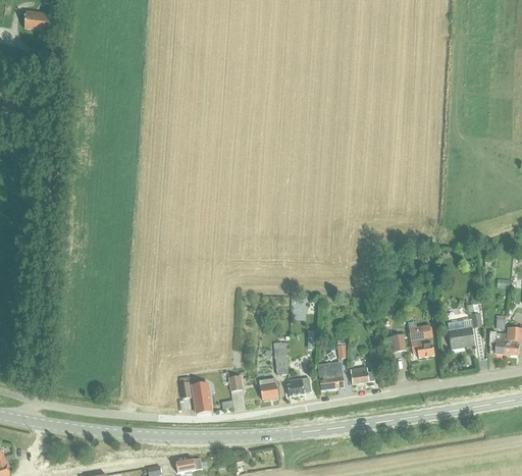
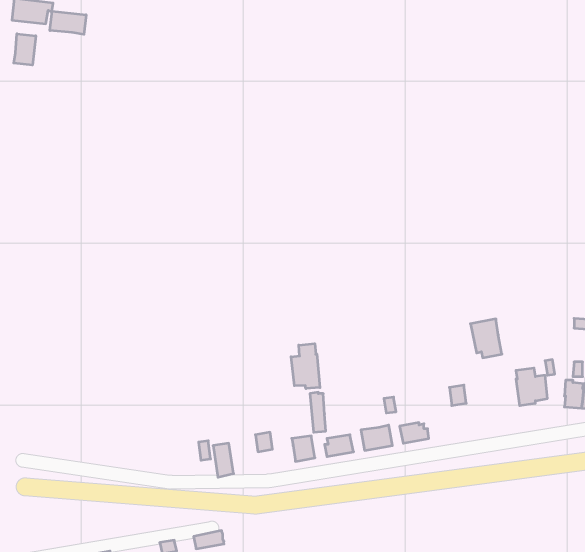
building: none -> [50,11,86,34]
building: none -> [14,34,36,65]
building: none -> [291,344,320,389]
building: [408,324,434,357] -> [470,319,502,358]

